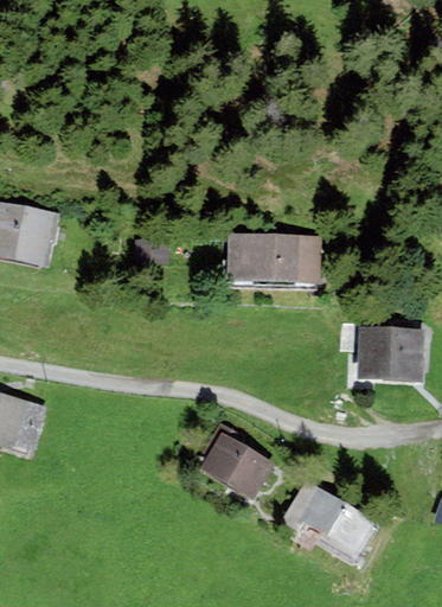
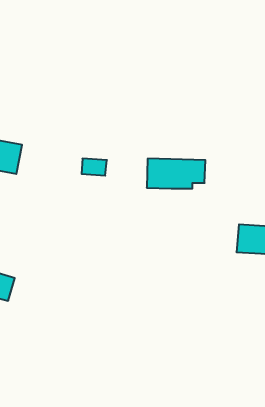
building: [206,426,265,492] -> none
building: [287,486,369,547] -> none

